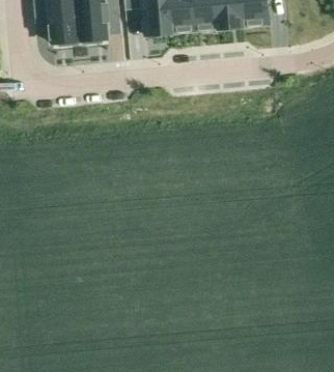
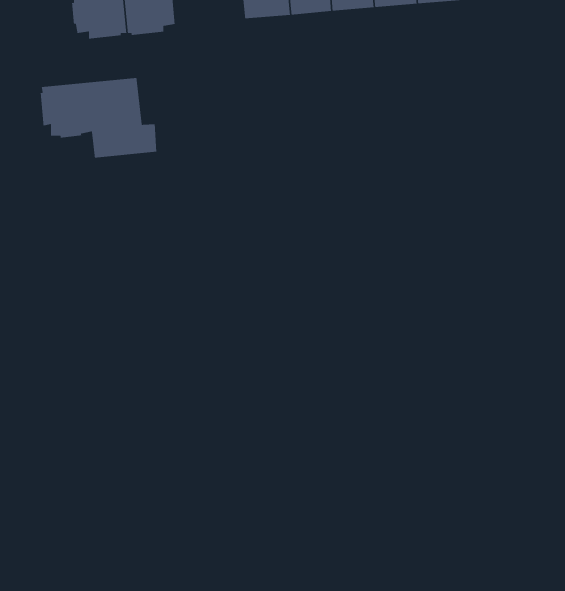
building: none -> [40,77,157,159]

